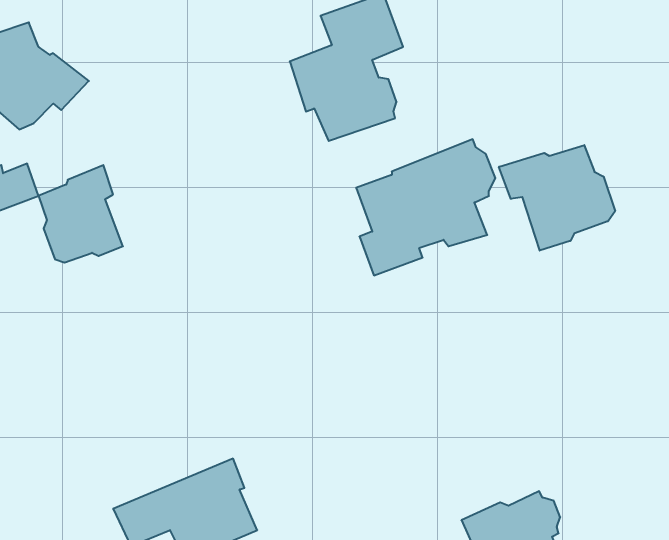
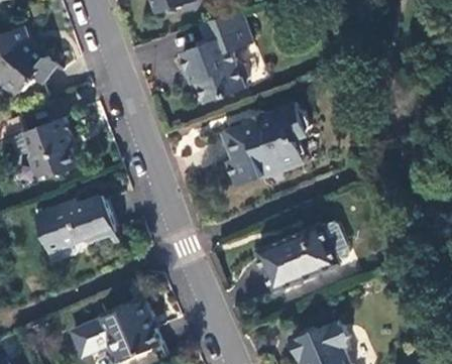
building: [499,145,615,251] -> none
building: none -> [35,196,114,247]
building: none -> [256,222,338,291]

